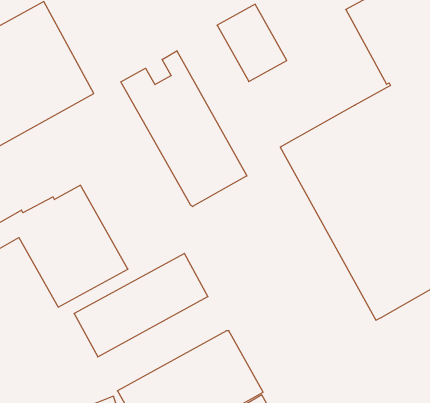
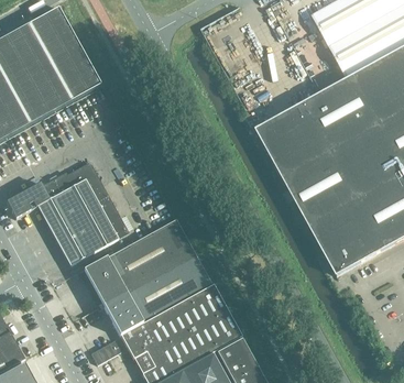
building: [121,51,247,207] -> none
building: none -> [103,254,211,335]

